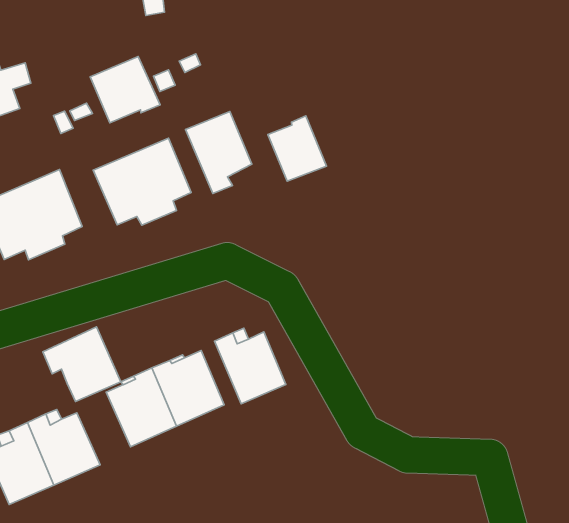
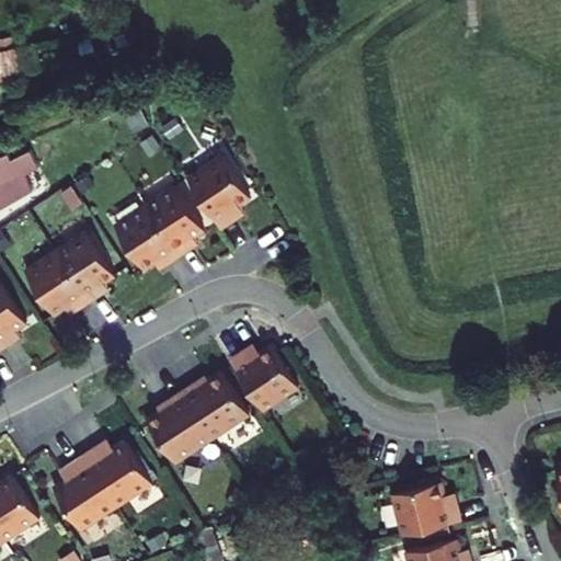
building: [90,56,160,123] -> none
building: [268,116,326,181] -> none
building: [43,327,121,401] -> none

